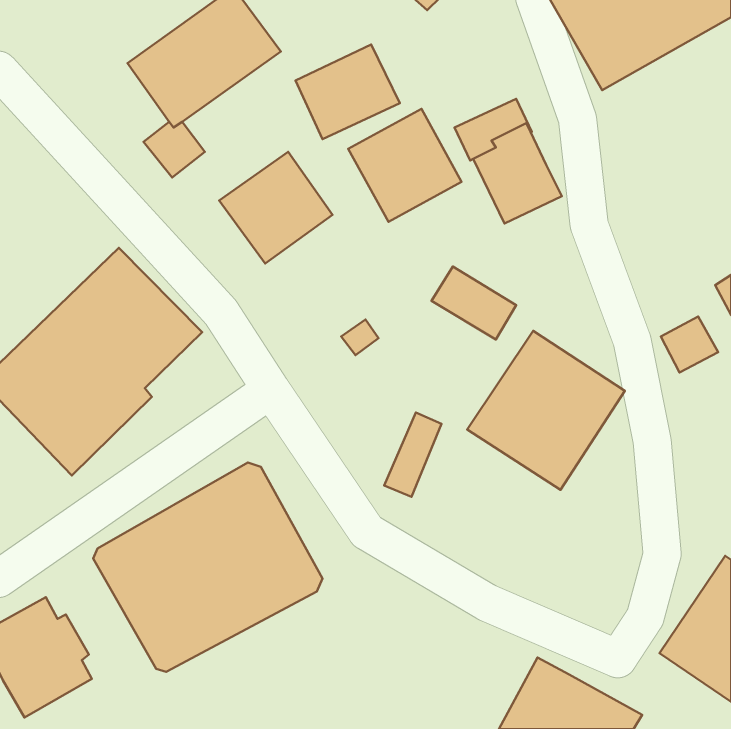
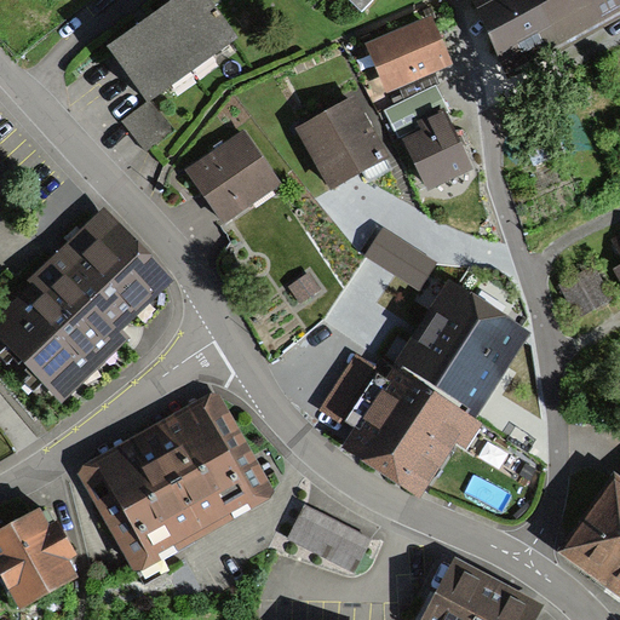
building: [295,45,400,139] -> [364,12,453,92]
building: none -> [343,363,482,495]
building: none -> [287,504,368,570]

